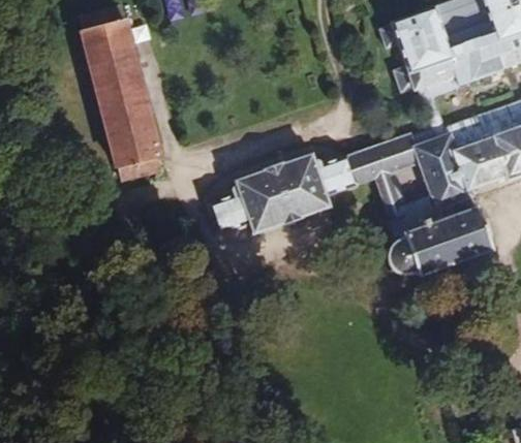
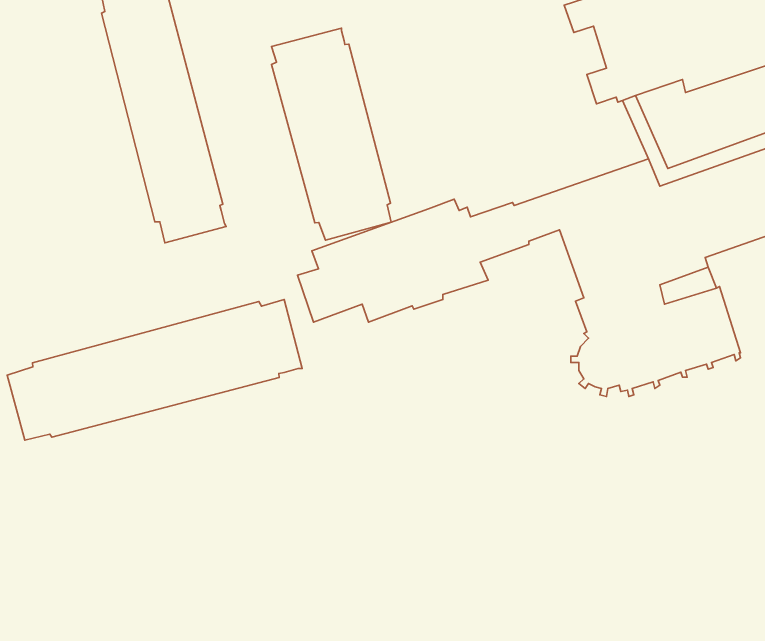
building: none -> [272,28,391,240]
building: none -> [7,300,302,440]

